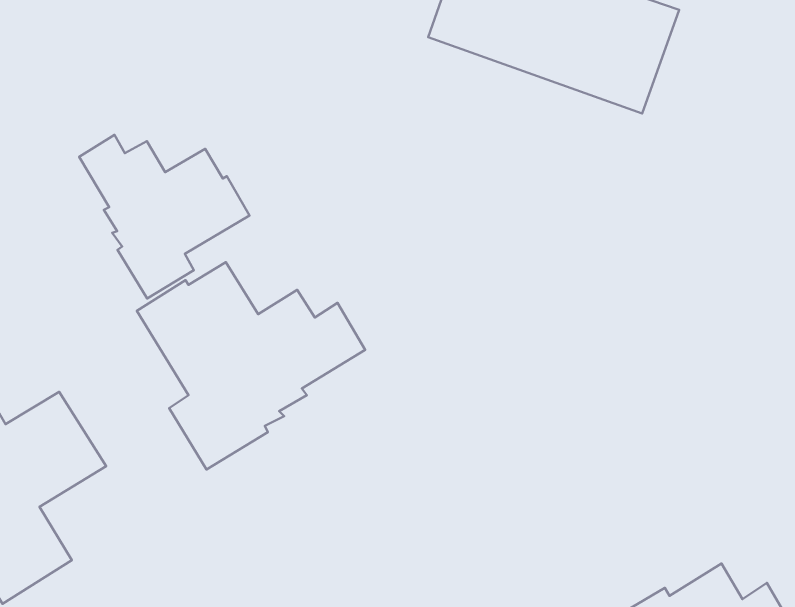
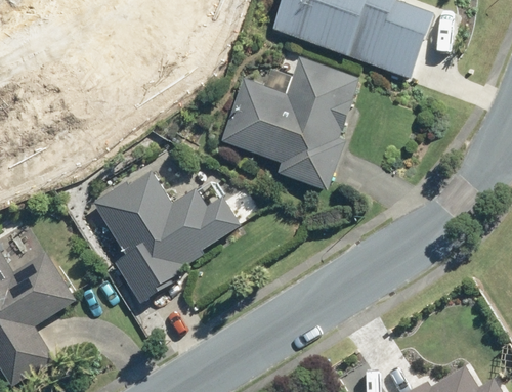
building: none -> [217,58,356,190]
building: [79,135,250,298] -> none

